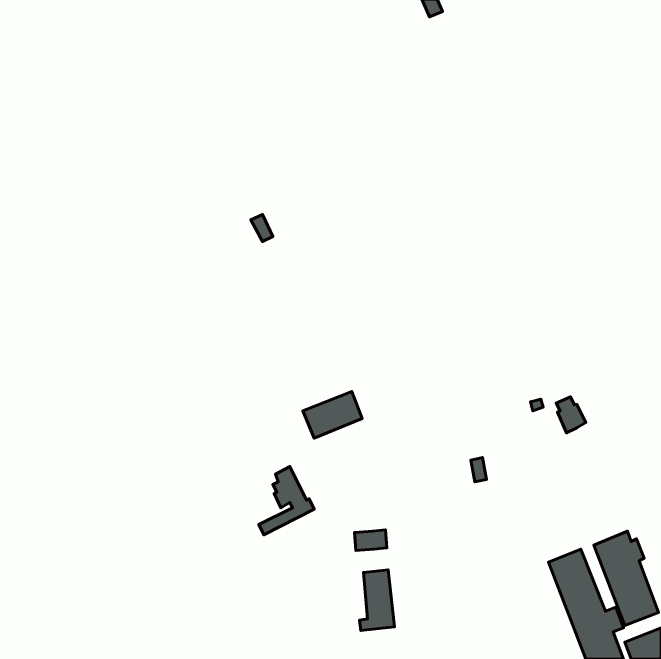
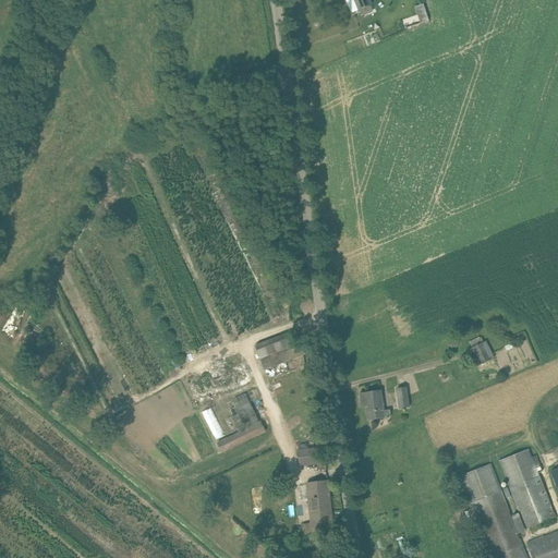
building: none -> [360,390,391,418]

